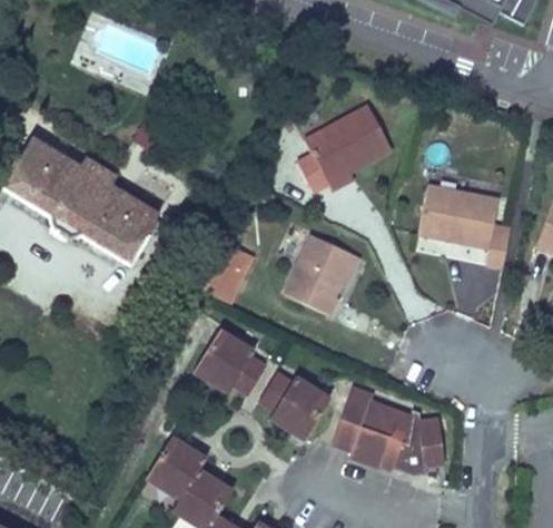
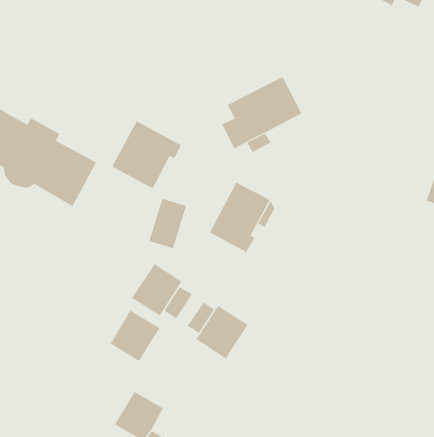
building: none -> [111,121,182,189]
building: [421,186,513,268] -> none
building: [332,381,443,468] -> none
building: [147,438,206,498] -> [110,310,161,362]

